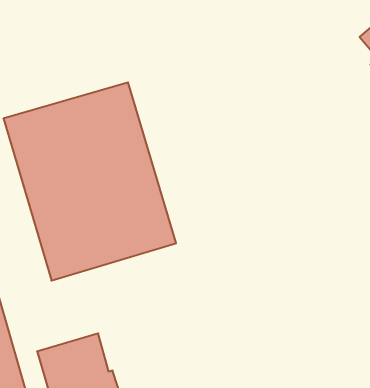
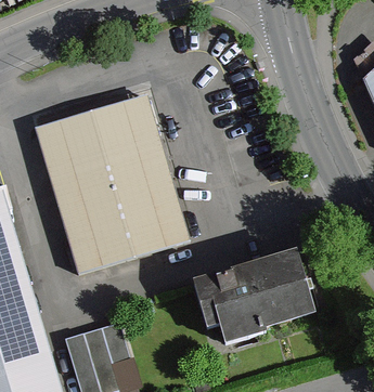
building: none -> [191,253,313,348]

